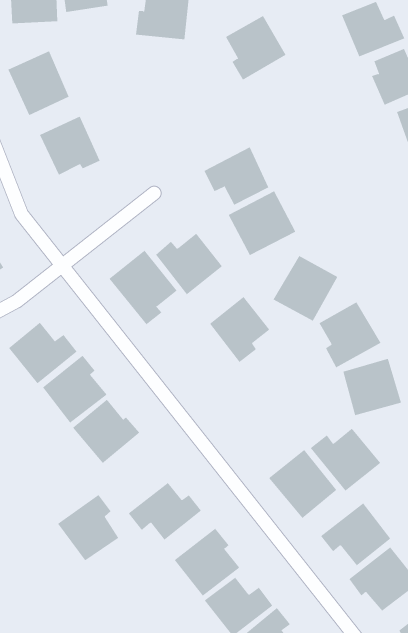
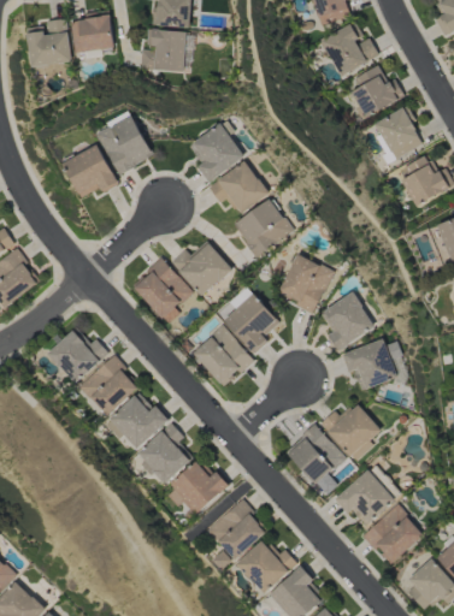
building: [225,15,287,80] -> [189,124,244,183]
building: [7,50,70,116] -> [96,116,153,174]
building: none -> [191,326,253,387]
building: [57,494,119,561] -> [136,424,191,484]

